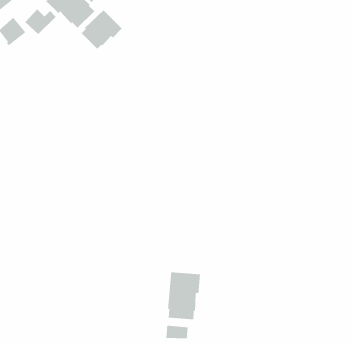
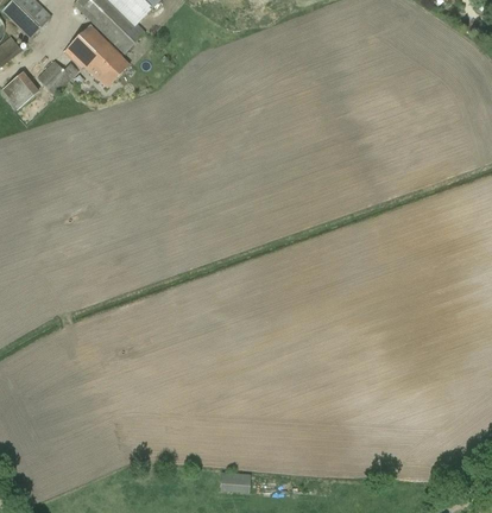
building: [81,10,123,50] -> none
building: [167,272,200,320] -> none

